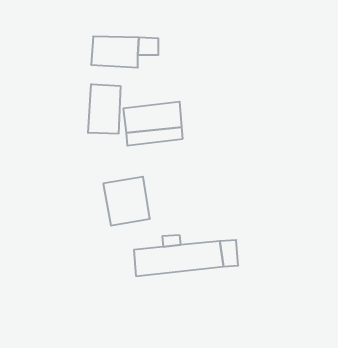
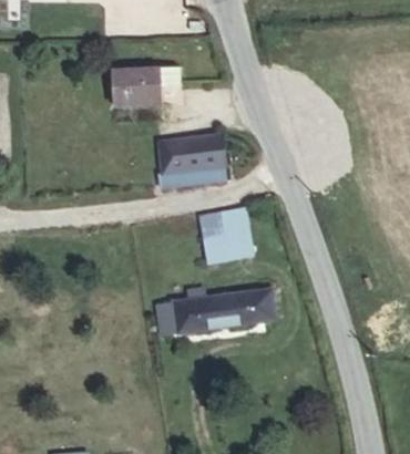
building: [88,84,120,134] -> none
building: [103,177,150,226] -> [199,214,253,269]

